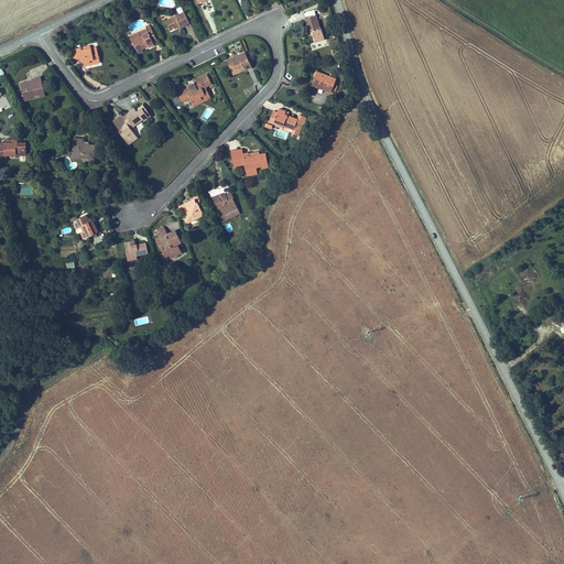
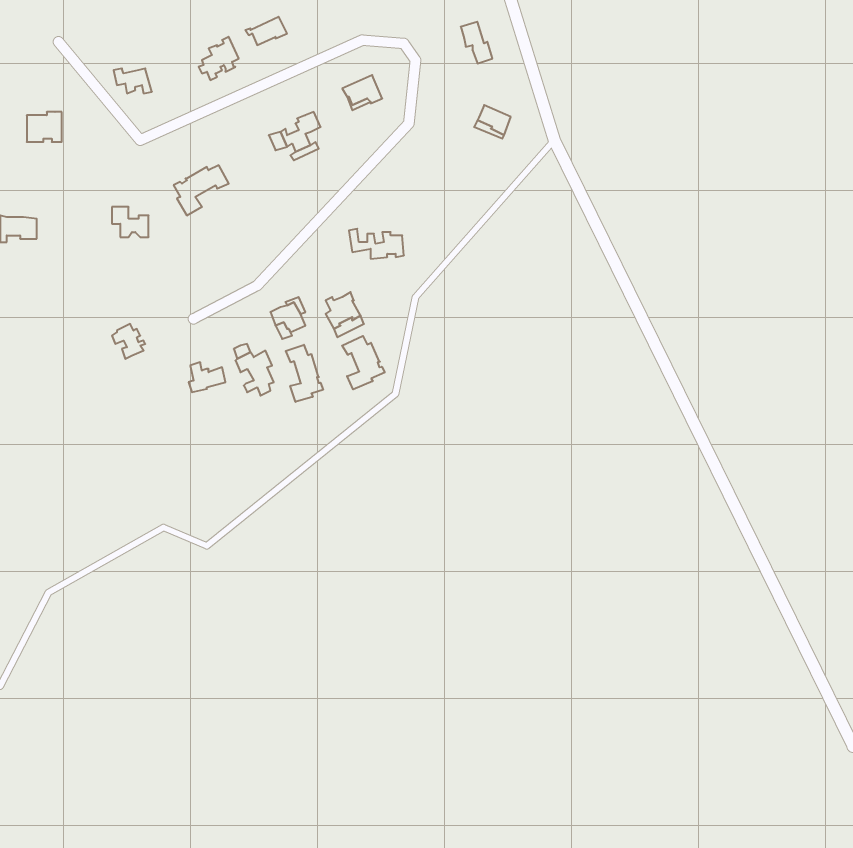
building: [269,109,306,137] -> none
building: none -> [342,336,385,389]
building: none -> [286,345,323,402]

